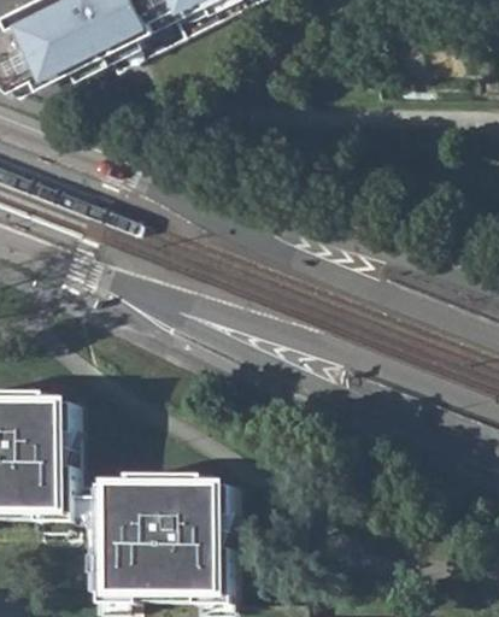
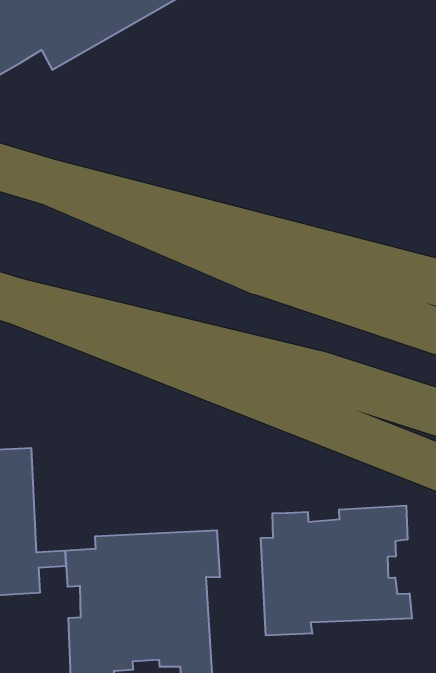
building: none -> [261,506,412,635]

